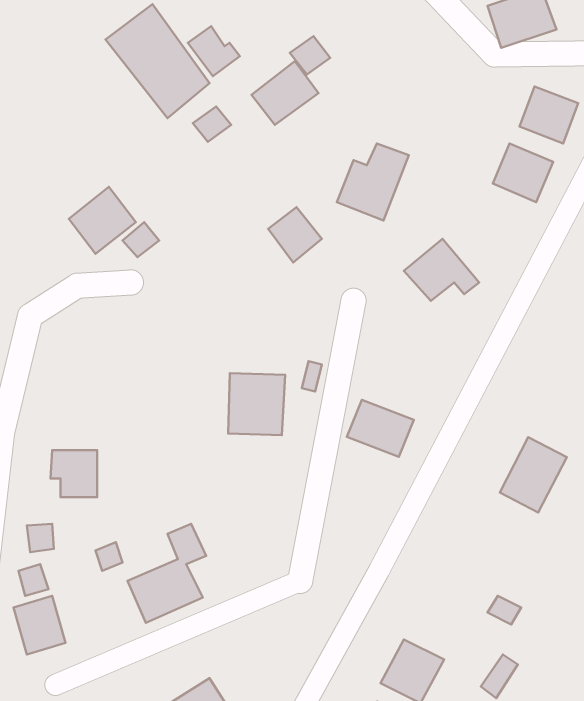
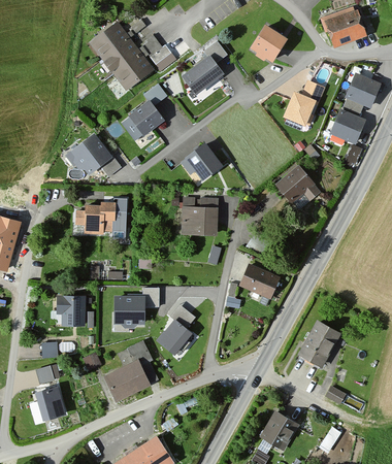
building: none -> [248,25,285,63]
building: none -> [127,101,162,136]
building: [337,143,409,221] -> [283,80,327,128]
building: none -> [84,200,125,235]
building: [228,373,285,435] -> [182,197,217,235]
building: [500,437,567,513] -> [297,322,338,368]
building: none -> [118,298,146,324]
building: none -> [161,314,193,347]

